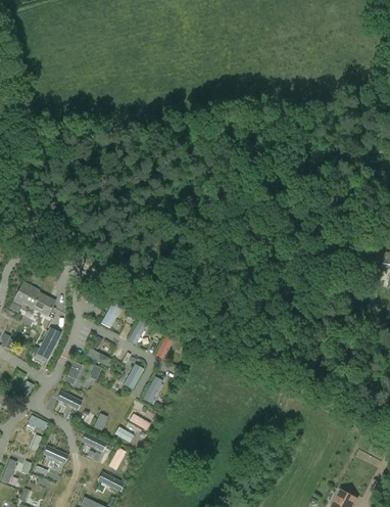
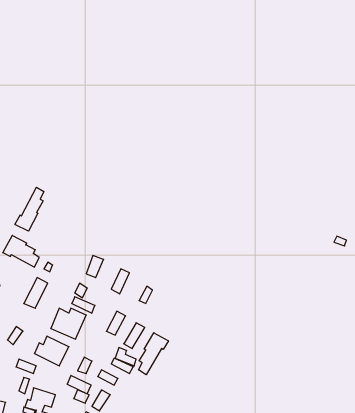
building: none -> [15,187,44,231]
building: none -> [139,333,168,375]

